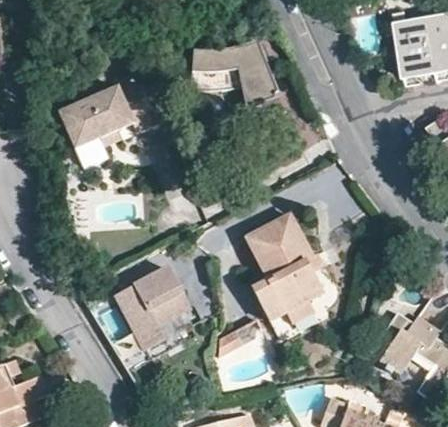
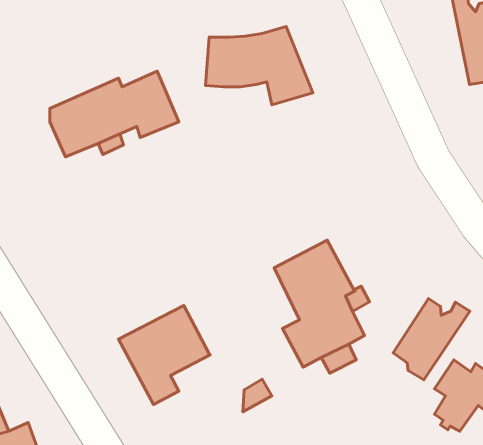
building: none -> [393,299,470,380]

